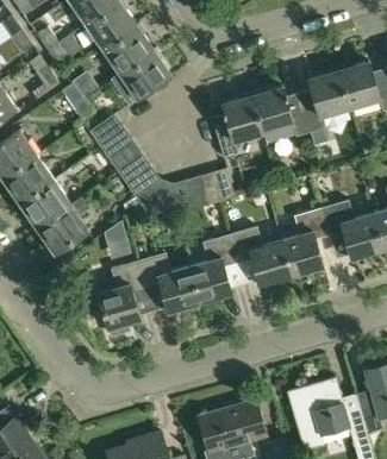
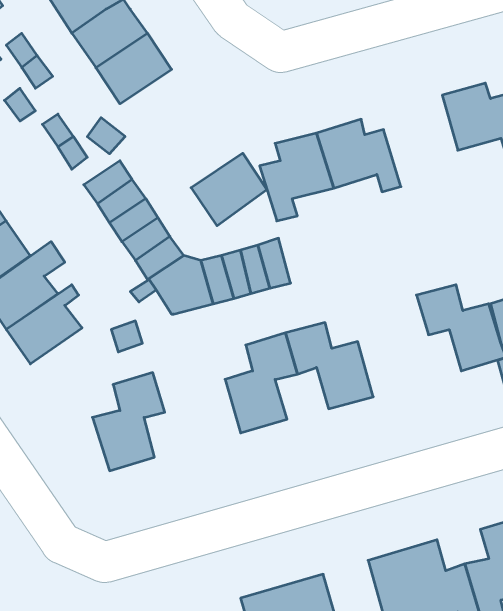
building: [116,51,168,101] -> [191,153,267,226]
building: [298,69,349,132] -> none
building: [280,207,329,277] -> none
building: [138,252,199,312] -> none

